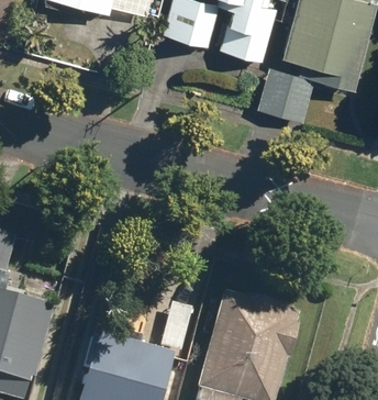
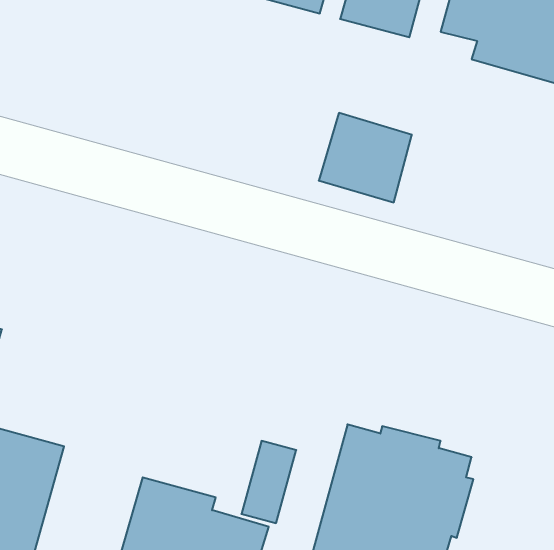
building: [257,68,313,122] -> [319,113,412,202]

